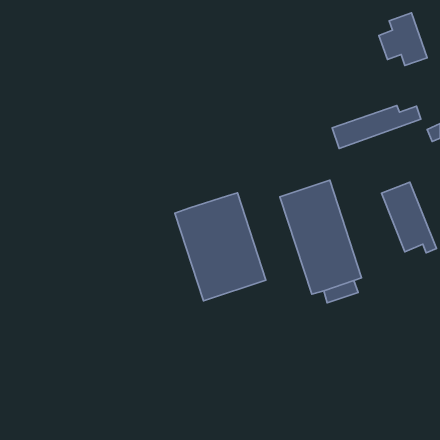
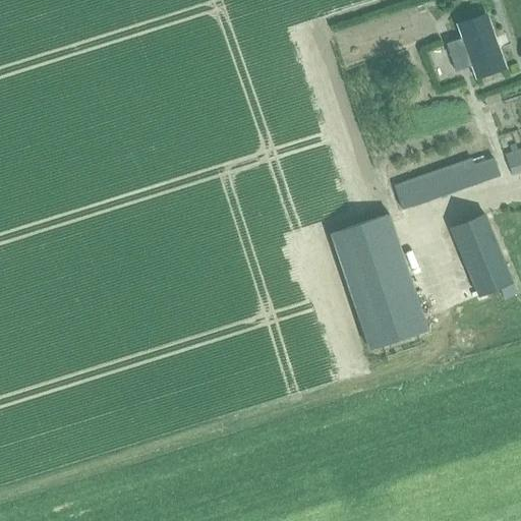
building: [332,105,421,148] -> [394,159,499,210]
building: [175,193,266,301] -> none

